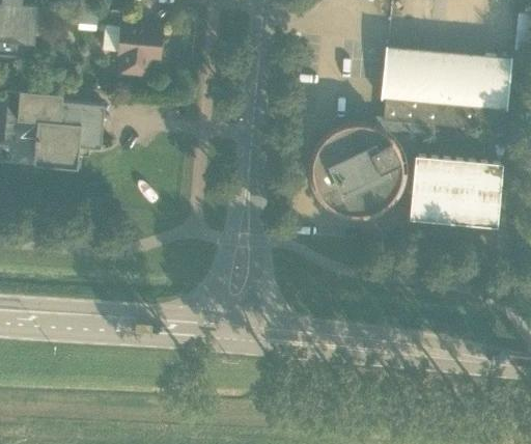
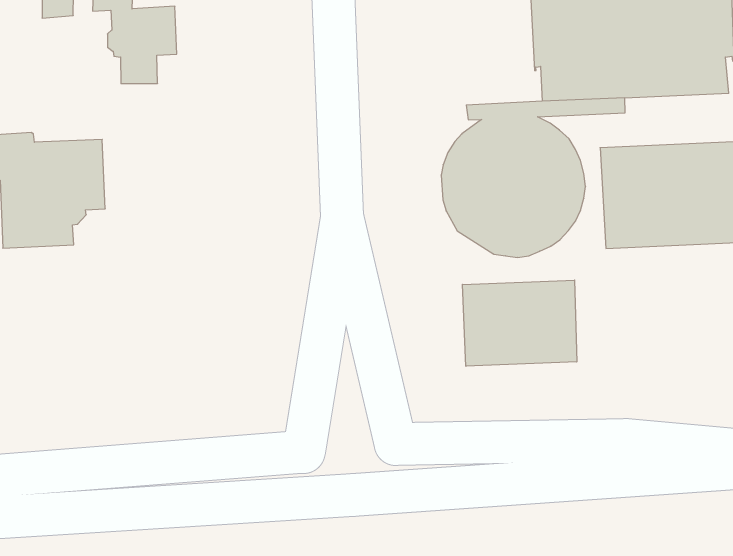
building: none -> [462,280,577,366]

